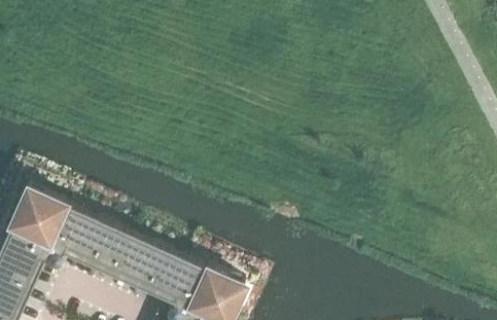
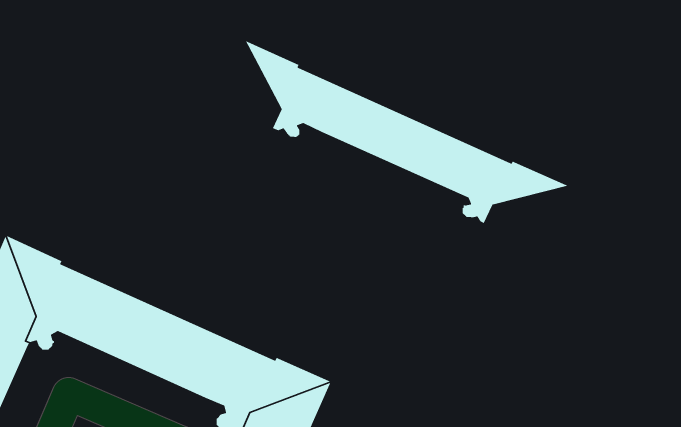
building: none -> [244,39,569,224]

